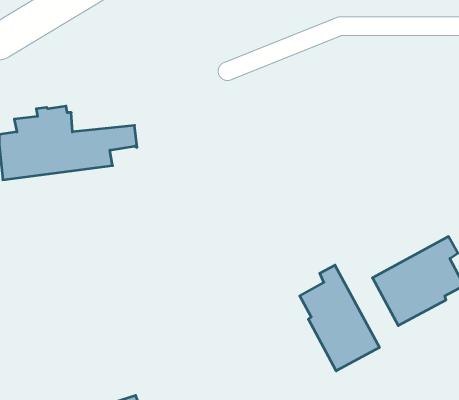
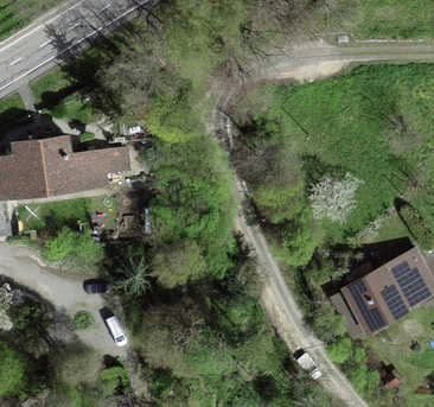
building: [300,265,379,371] -> none

